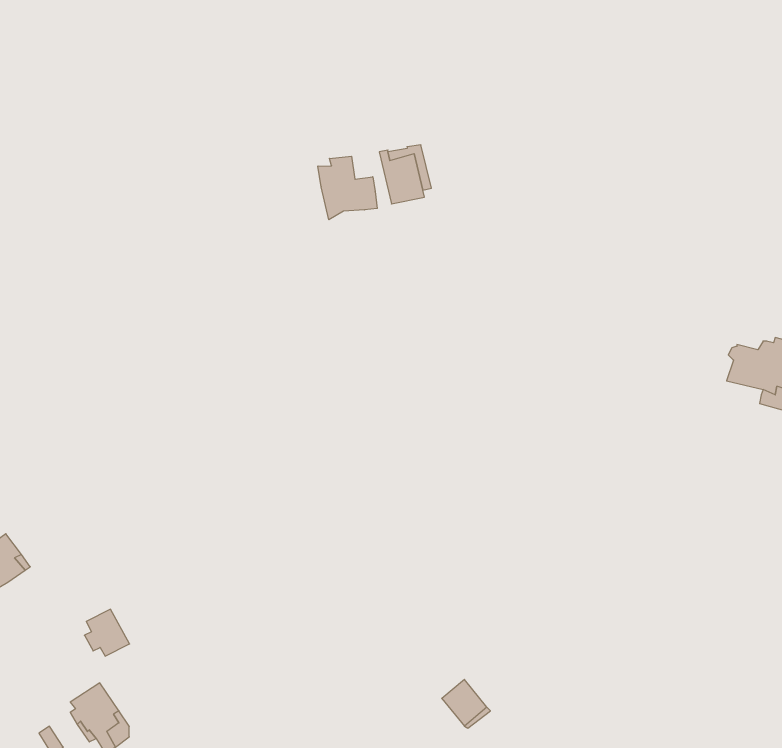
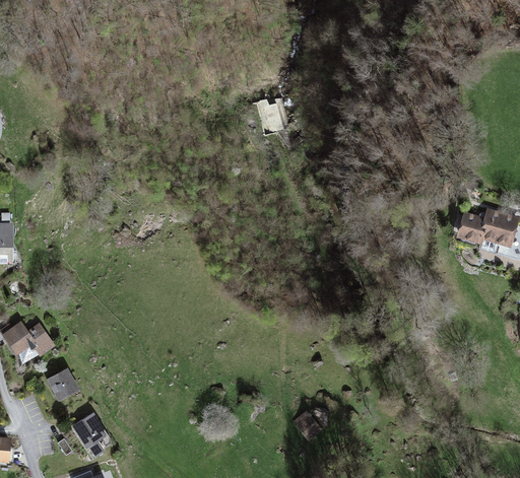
building: [318,156,377,220] -> none
building: [84,609,130,656] -> [52,368,78,396]

